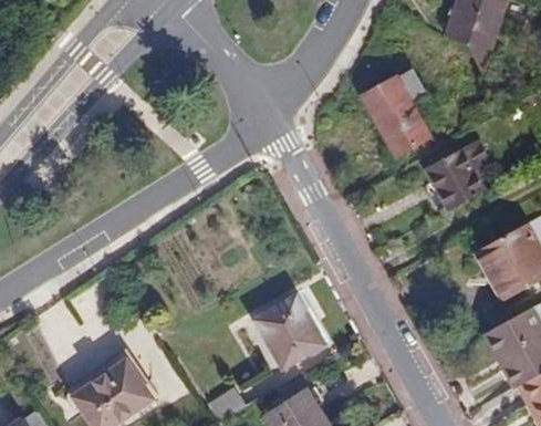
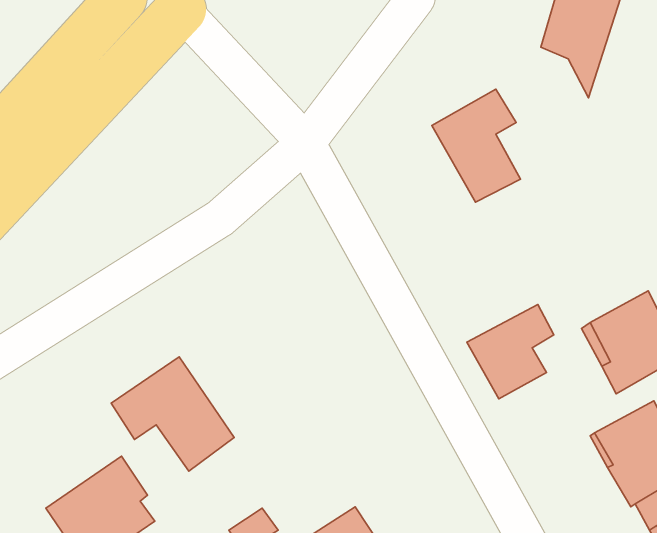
building: [425,138,491,210] -> [467,304,554,399]
building: none -> [111,357,234,471]
building: [256,297,325,367] -> none

